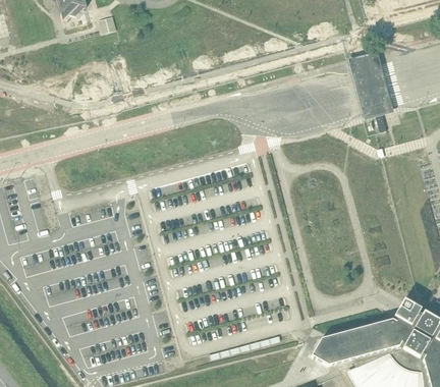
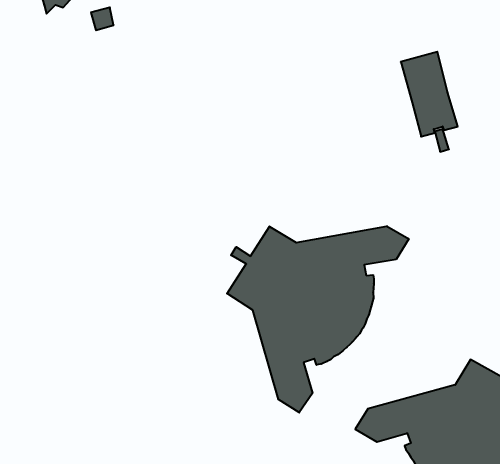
building: none -> [227,226,409,413]

